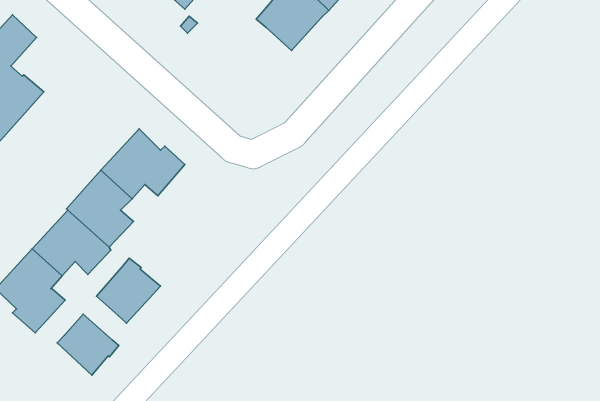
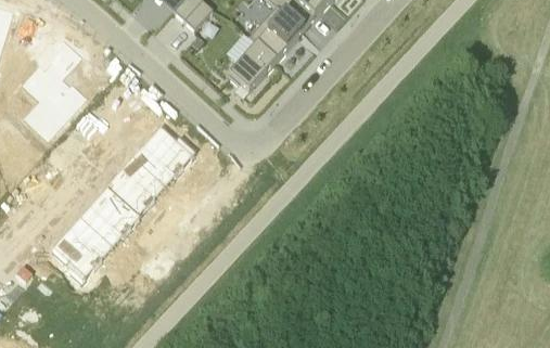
building: none -> [229,44,277,92]
building: [96,258,160,323] -> none
building: [57,314,119,375] -> none

